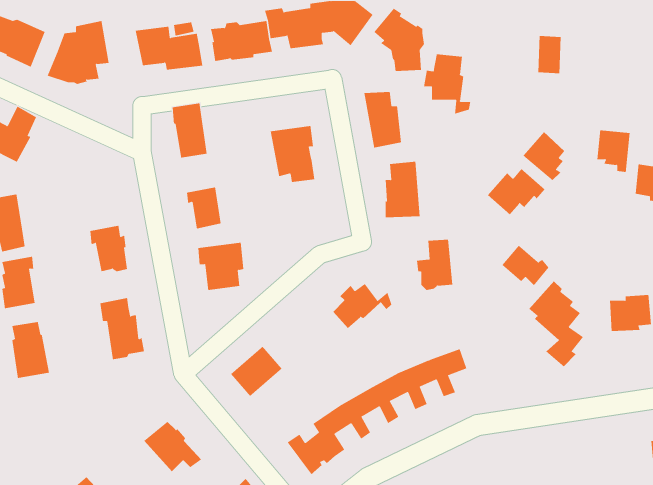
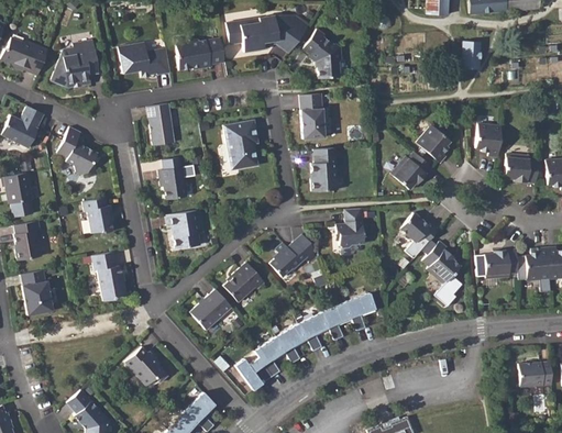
building: [537,35,562,74] -> [462,41,481,70]
building: [423,54,471,115] -> none
building: none -> [55,126,96,174]
building: none -> [224,262,267,302]

